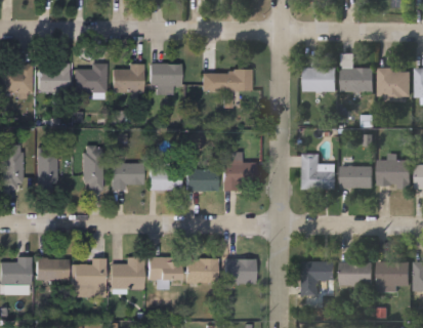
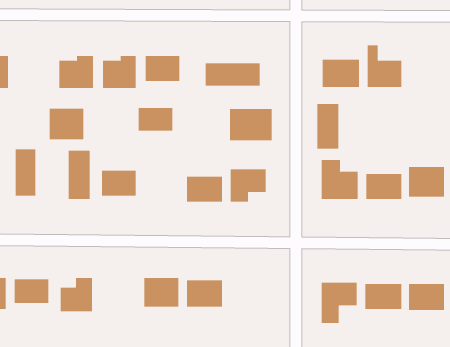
building: [38,65,69,92] -> [49,108,84,140]
building: [378,69,410,100] -> none
building: none -> [317,103,339,150]
building: none -> [230,108,272,141]
building: [149,169,179,190] -> [138,108,173,131]
building: [111,257,142,289] -> none
building: [224,259,254,283] -> none

